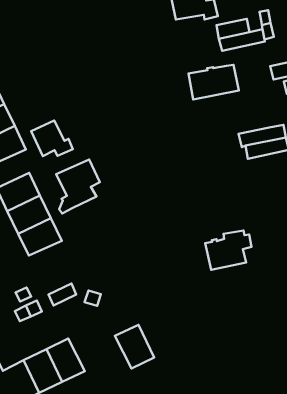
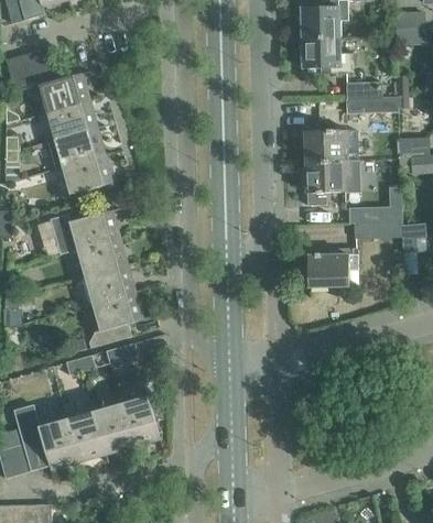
building: none -> [304,160,359,206]
building: [31,121,73,156] -> none
building: [56,160,100,214] -> [89,293,140,348]
building: [205,230,251,270] -> [308,249,359,286]
building: [115,325,154,369] -> [120,395,160,443]

